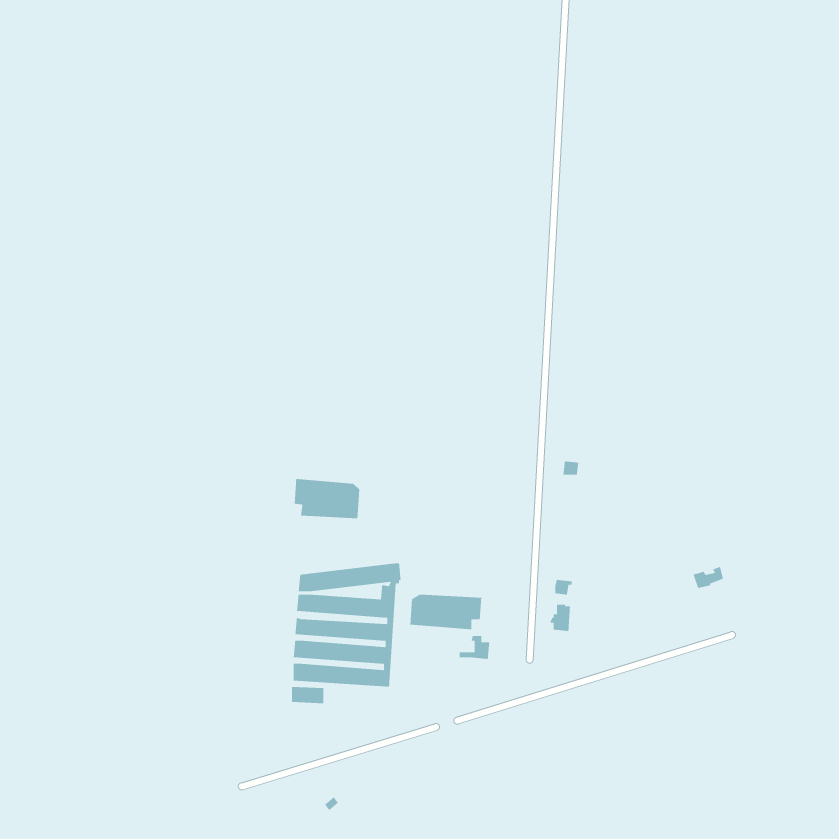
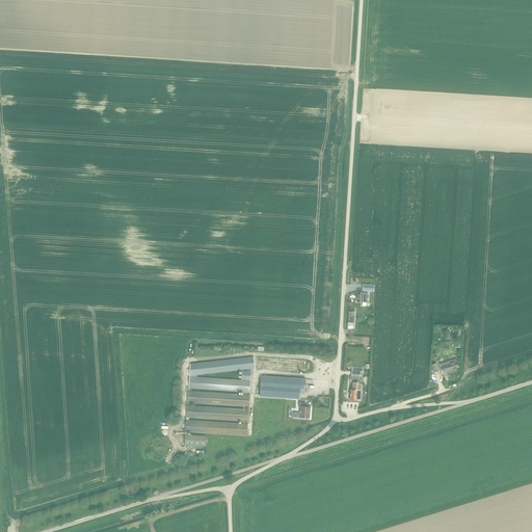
building: [294,478,360,519] -> none

